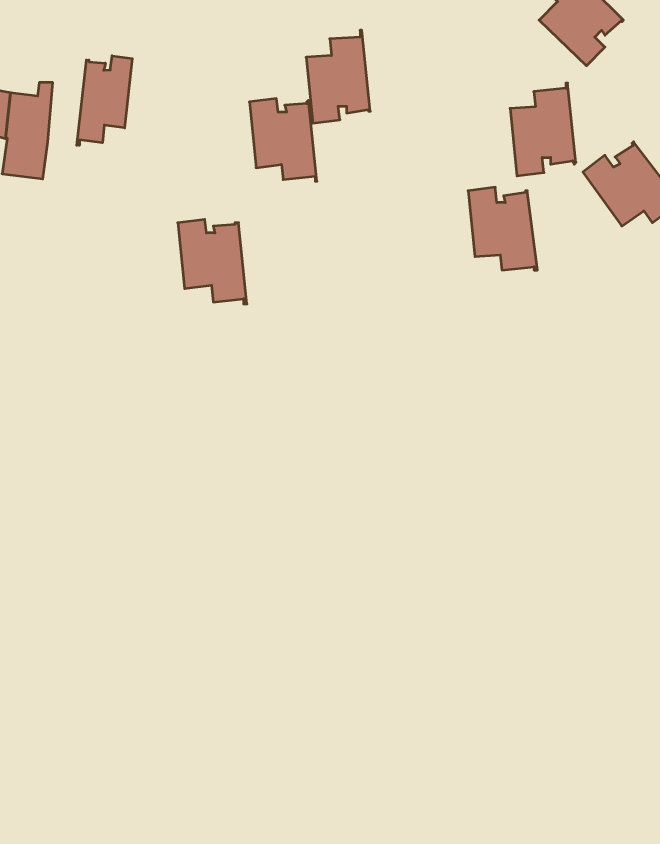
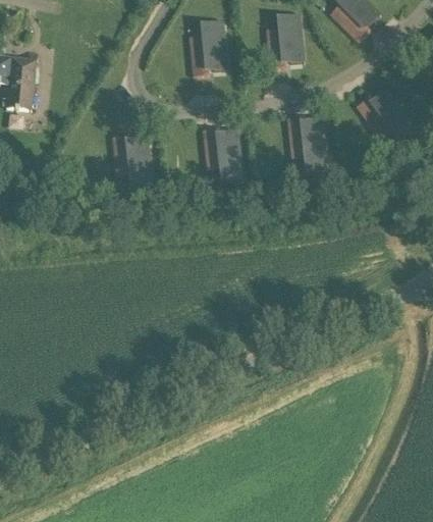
building: [77,56,132,145] -> none
building: [510,83,576,176] -> [265,12,305,68]
building: [249,99,317,181] -> [202,127,242,177]

